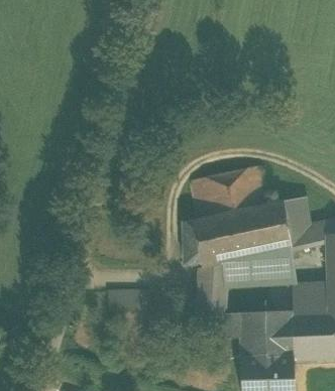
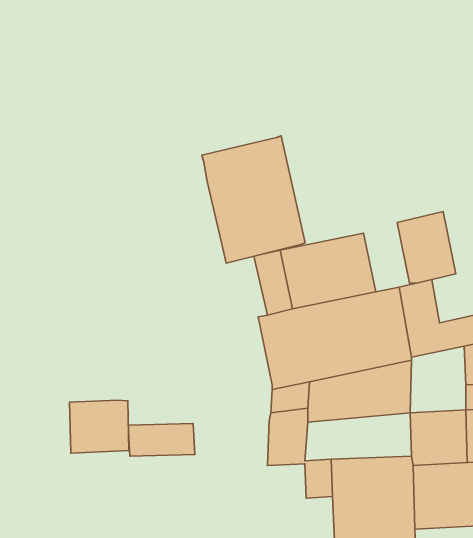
building: none -> [202,136,305,263]
building: none -> [397,211,456,283]
building: [183,219,201,264] -> none
building: none -> [70,400,129,453]

